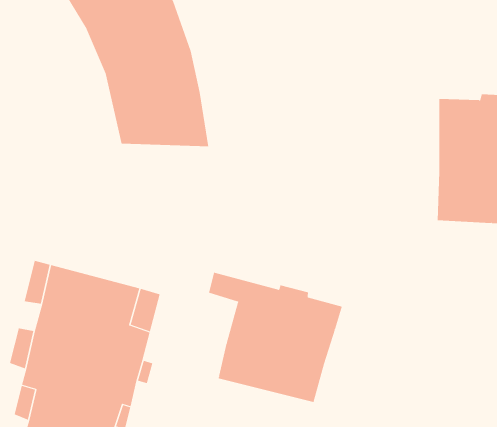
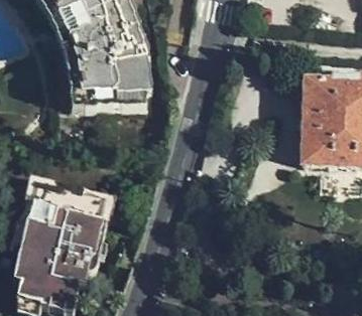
building: [209,272,343,403] -> none

